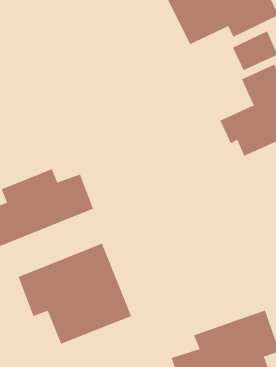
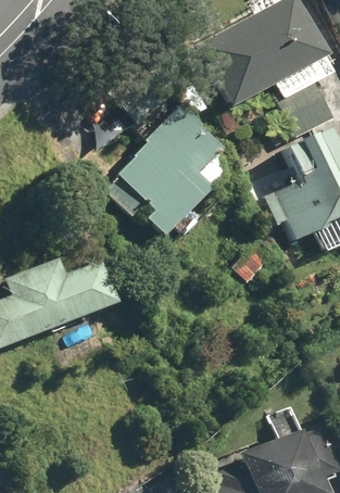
building: none -> [98,104,239,248]
building: [18,243,132,344] -> none

